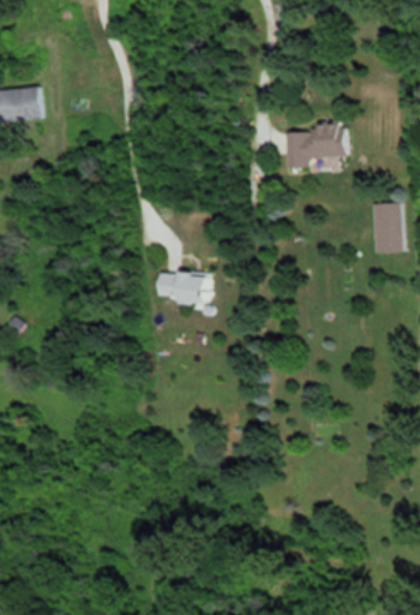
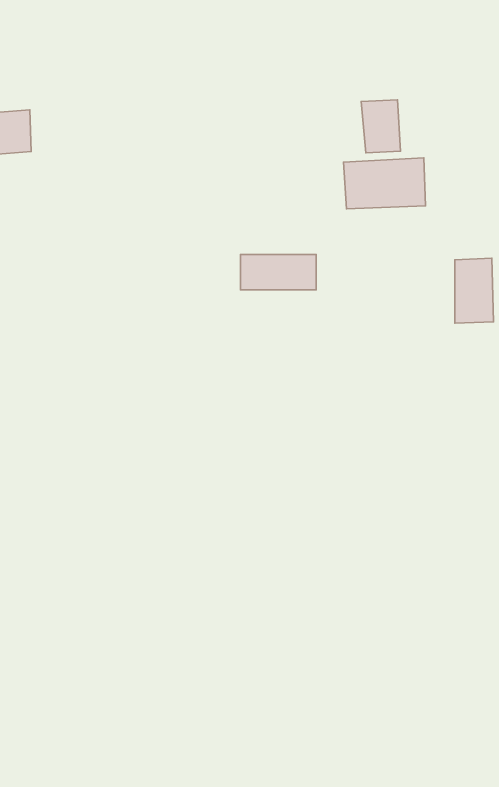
building: none -> [361,100,400,153]
building: [158,274,217,301] -> [240,254,316,290]

